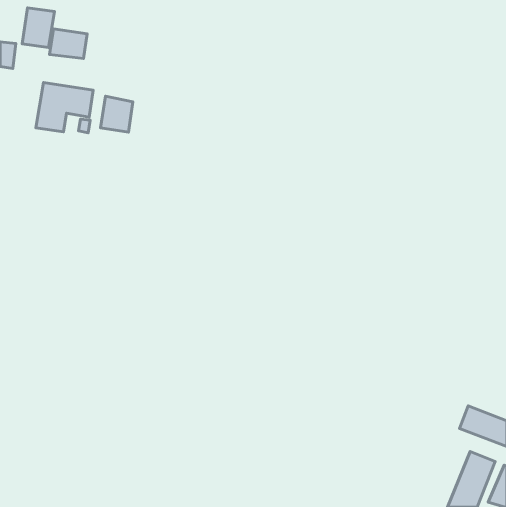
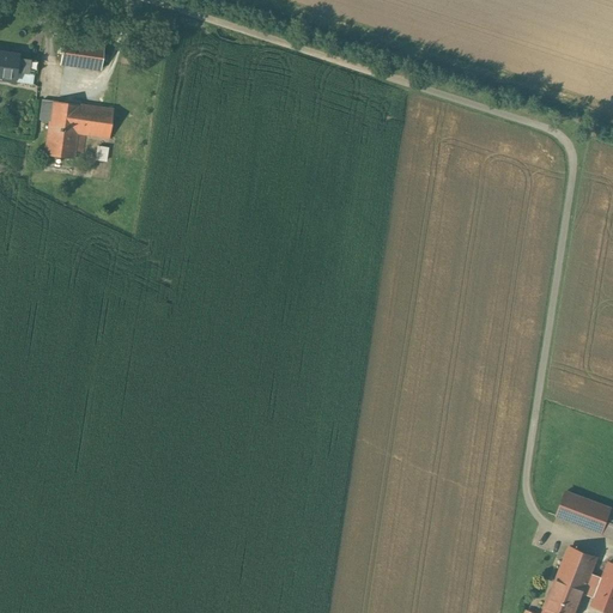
building: [22,8,55,47] -> none
building: [101,96,133,132] -> none

